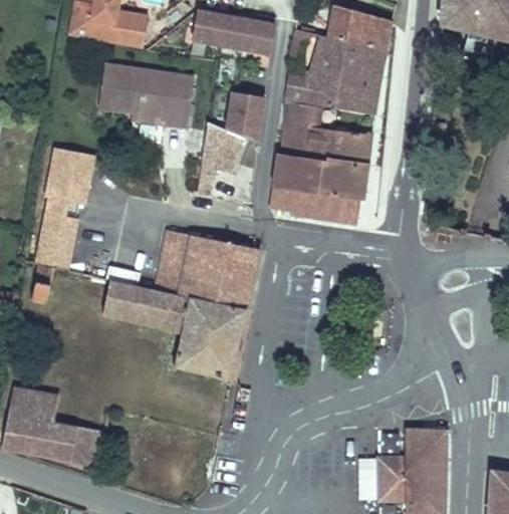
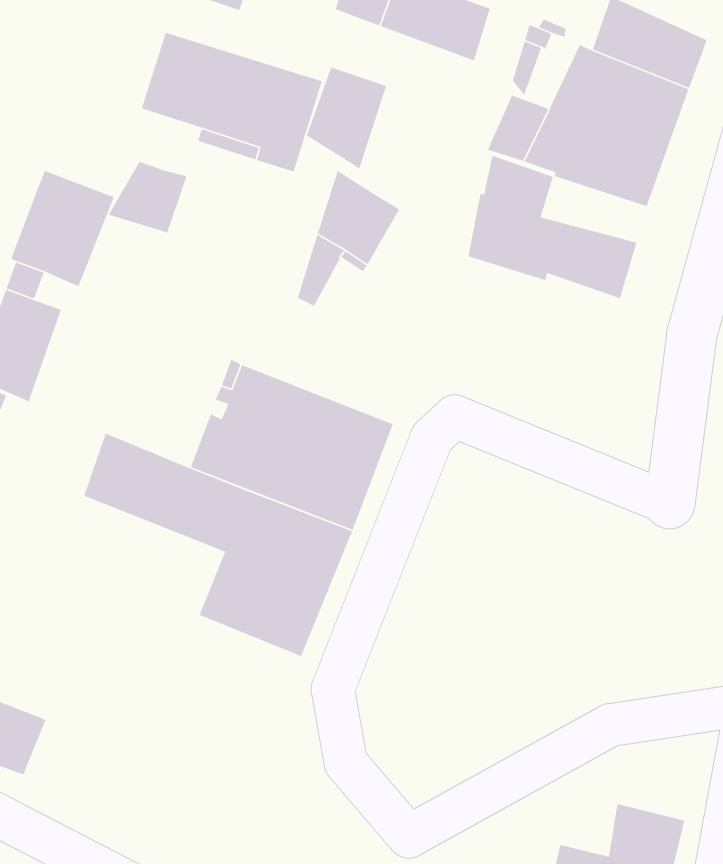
building: [227,91,265,143] -> [306,67,387,170]
building: none -> [108,161,188,234]
building: [271,155,366,223] -> none

